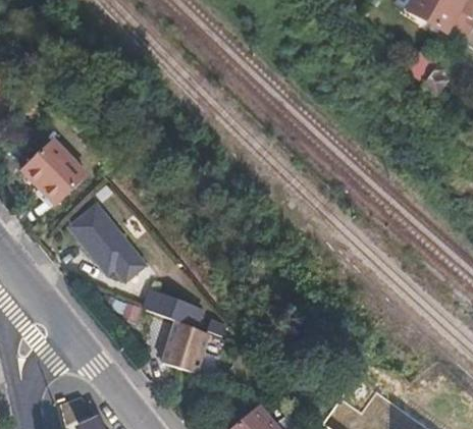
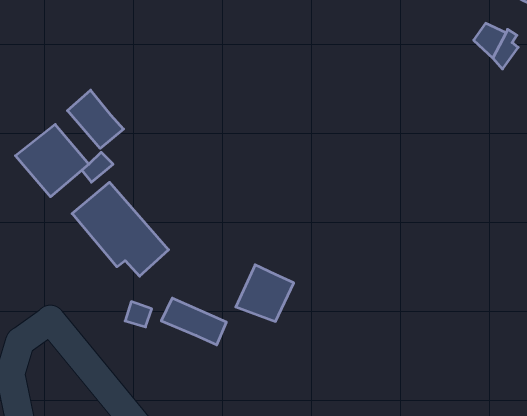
building: none -> [67,90,124,148]
building: [160,324,209,372] -> [236,265,294,321]

